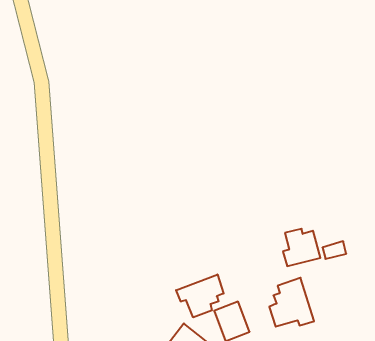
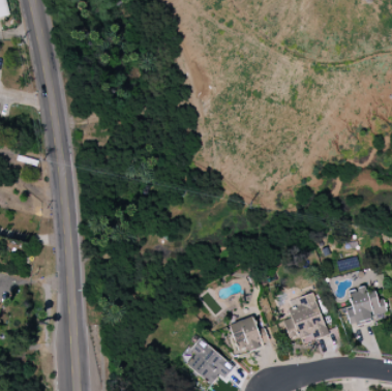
building: [283,229,320,266] -> [346,288,384,325]
building: [176,274,224,317] -> none

